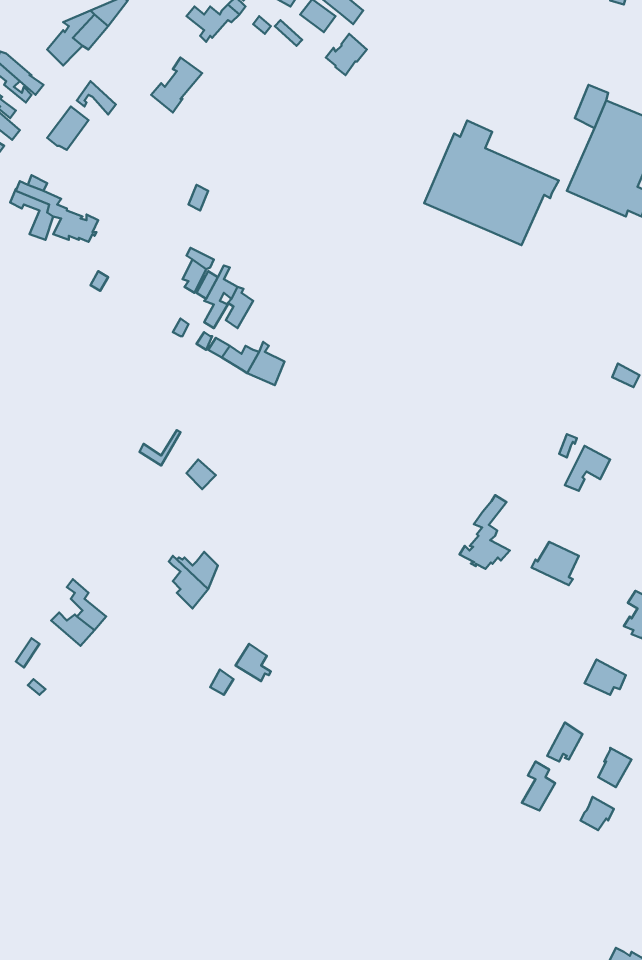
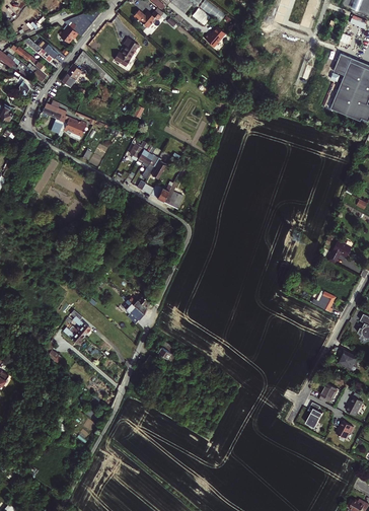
building: [424,121,559,245] -> none
building: [460,495,510,569] -> none

